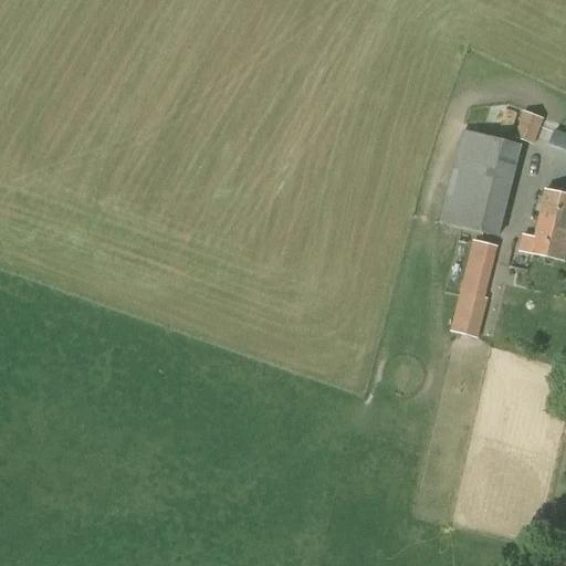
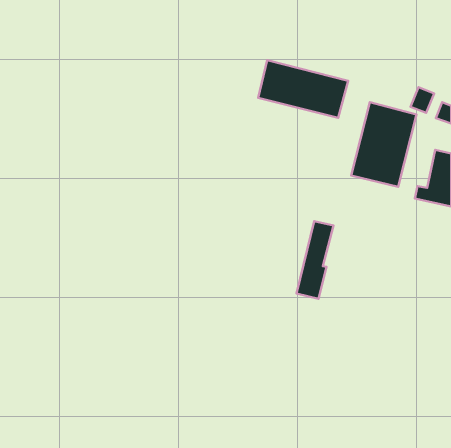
building: none -> [258,60,348,118]
building: [451,239,497,336] -> [296,221,334,299]

